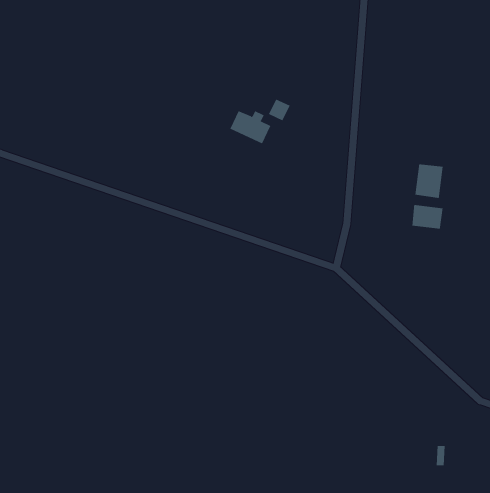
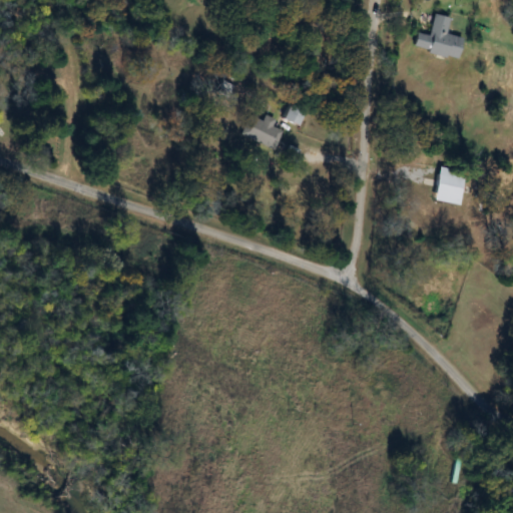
building: none -> [414,14,463,58]
building: [412,204,443,230] -> none

